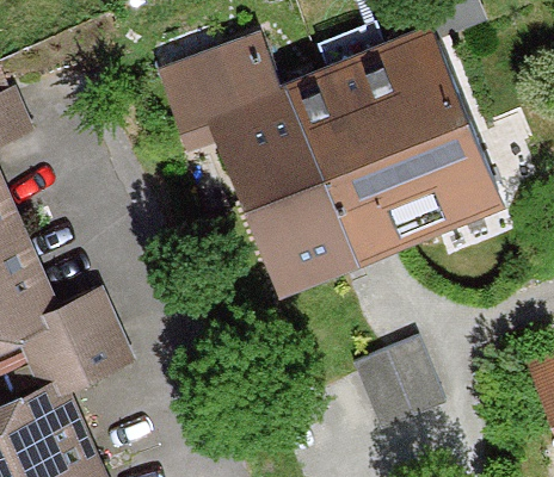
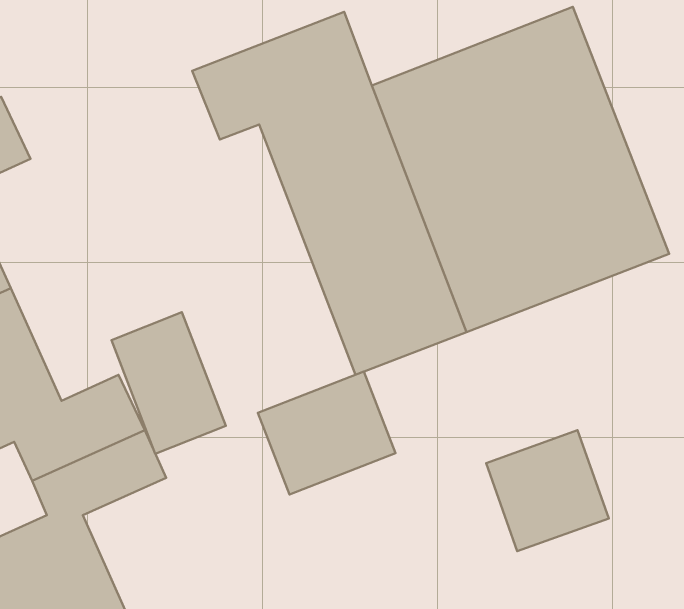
building: none -> [111,312,226,454]
building: none -> [258,372,395,495]

